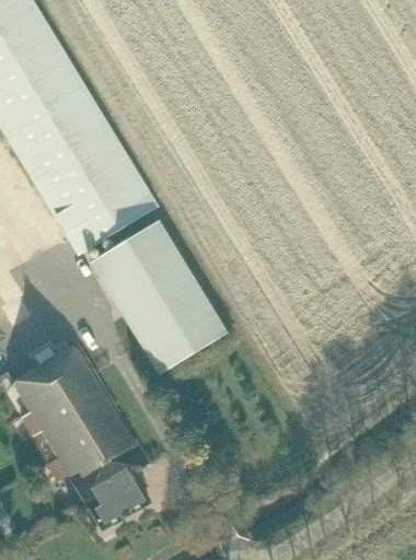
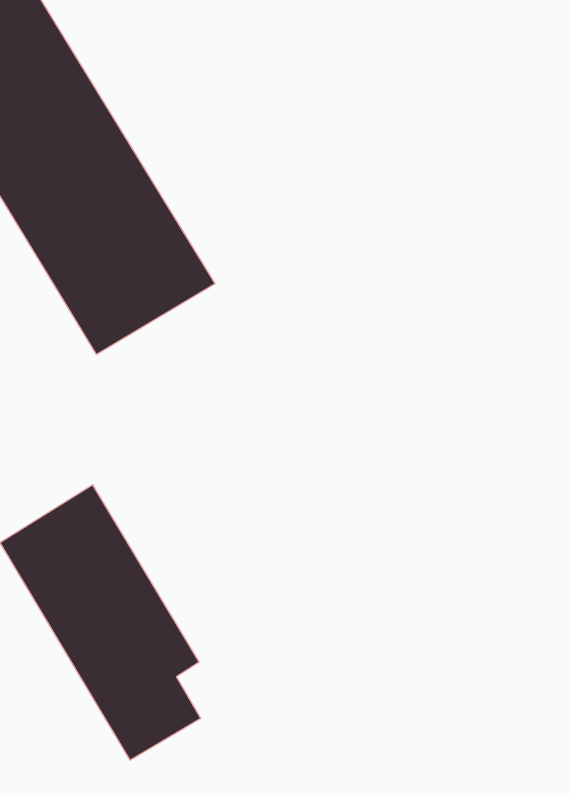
building: [92,219,226,371] -> none

